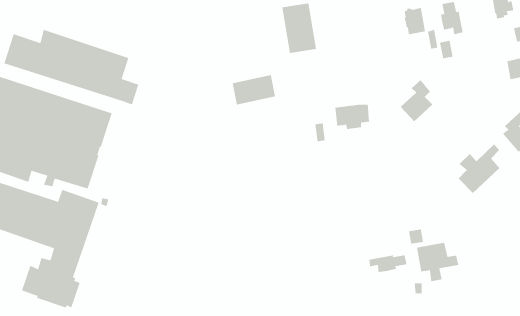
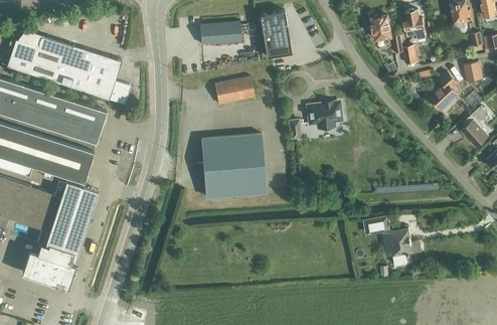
building: none -> [199,20,241,44]
building: [400,79,433,122] -> [429,70,459,110]
building: none -> [195,134,266,196]
building: [458,143,500,194] -> none
building: [369,254,407,273] -> none

